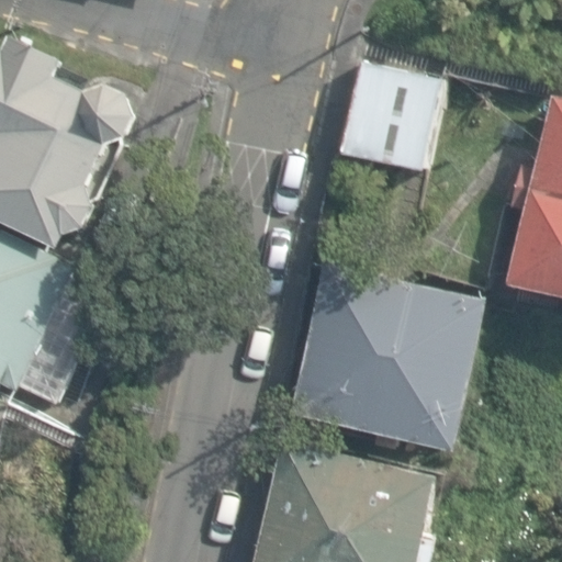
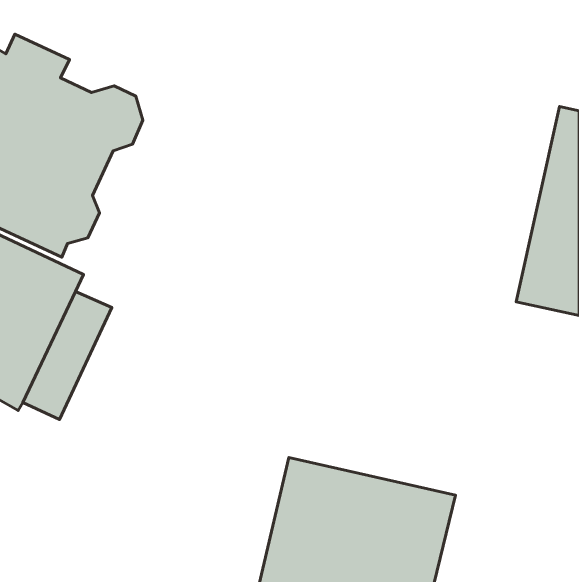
building: [341,54,447,166] -> none
building: [294,283,483,448] -> none

